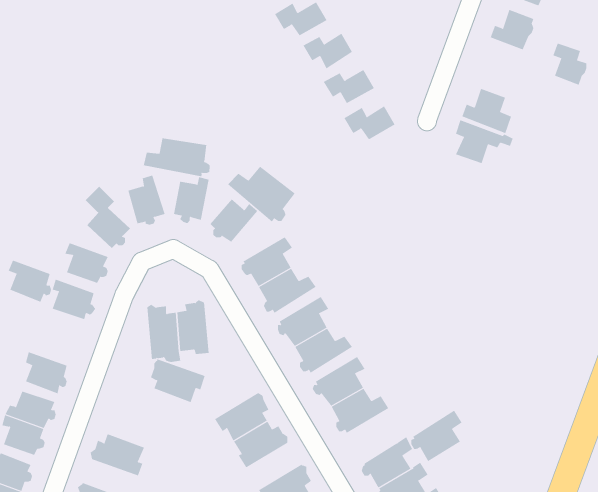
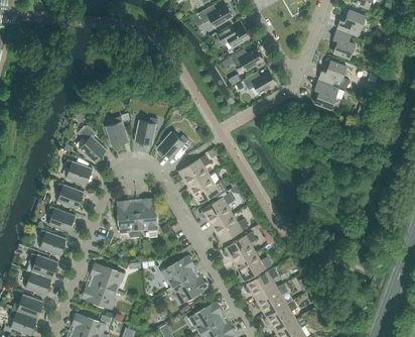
building: [552,43,587,85] -> [332,31,355,59]
building: [143,138,210,177] -> none
building: [227,166,295,223] -> none
building: [8,260,52,302] -> [47,206,76,233]
building: [150,359,205,403] -> [90,262,125,291]
building: [410,410,462,462] -> [245,267,278,301]

